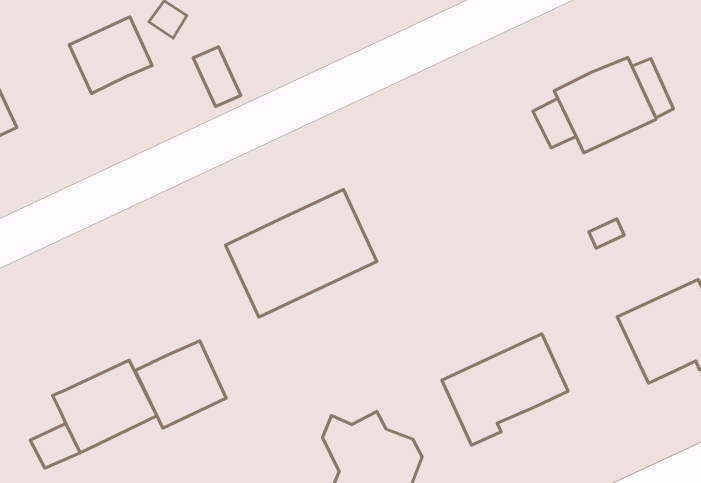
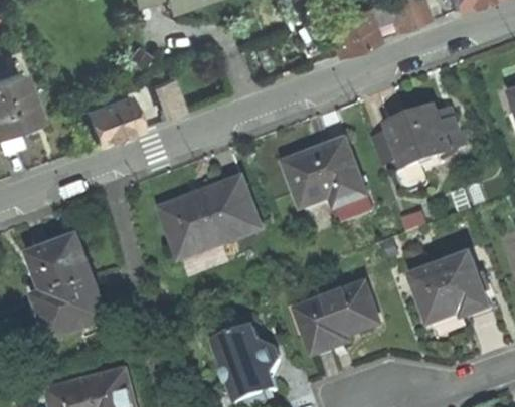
building: [69,17,152,94] -> [83,93,137,142]
building: none -> [287,139,368,207]
building: [135,341,226,428] -> [35,239,94,294]

